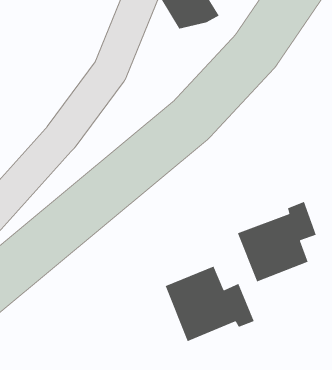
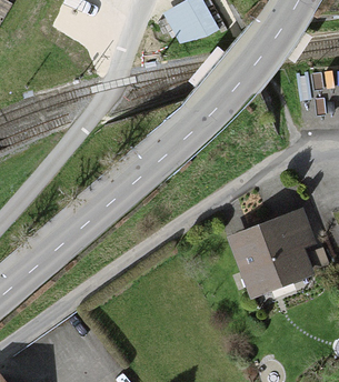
building: [165,265,255,342] -> none

